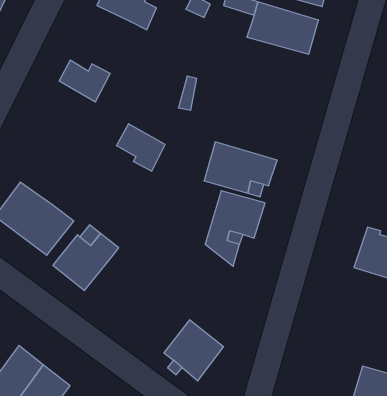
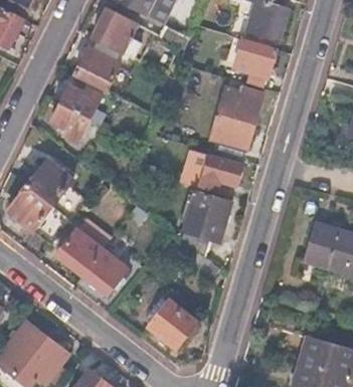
building: none -> [74,40,119,89]
building: none -> [207,87,260,149]
building: [116,124,165,171] -> [50,101,91,140]
building: none -> [28,159,73,203]
building: none -> [81,248,128,295]

